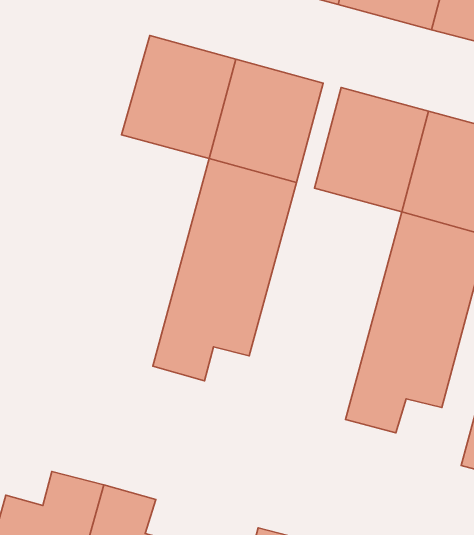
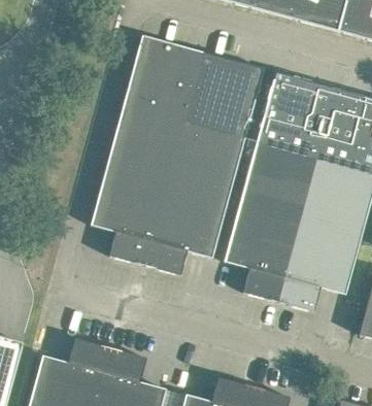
building: none -> [91,104,183,265]
building: none -> [224,141,317,302]

